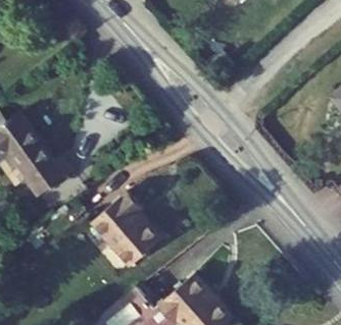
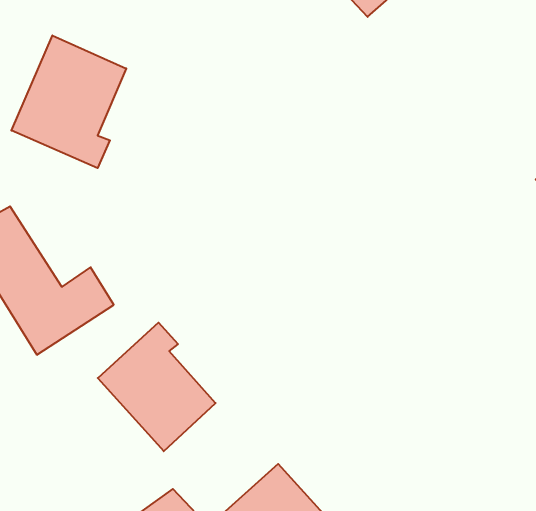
building: none -> [11,35,126,168]

